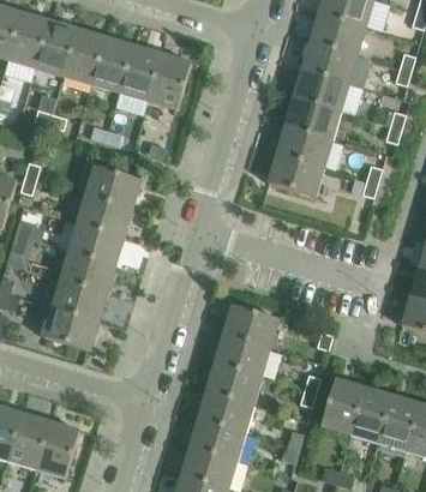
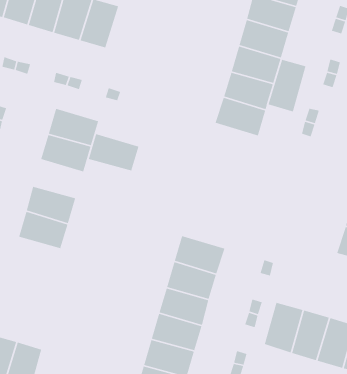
building: [149,54,191,109] -> none
building: none -> [268,59,307,113]
building: [68,222,125,264] -> [88,133,139,171]
building: [43,307,100,350] -> none

